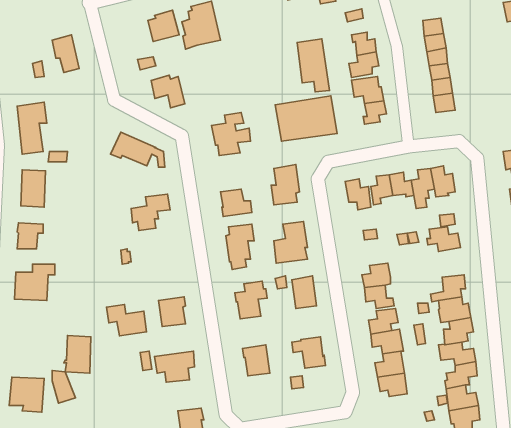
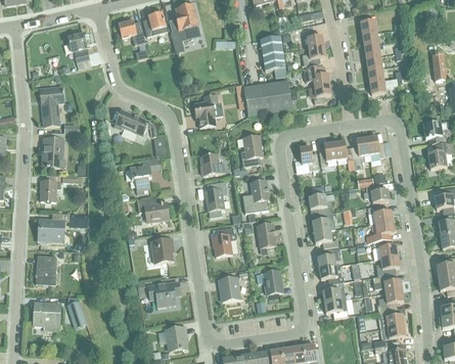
building: [151,75,185,108] -> [119,19,145,45]
building: none -> [308,193,333,214]
building: none -> [367,204,393,224]
building: [106,305,147,336] -> [137,196,169,221]
building: [64,336,91,373] -> [35,255,56,284]

